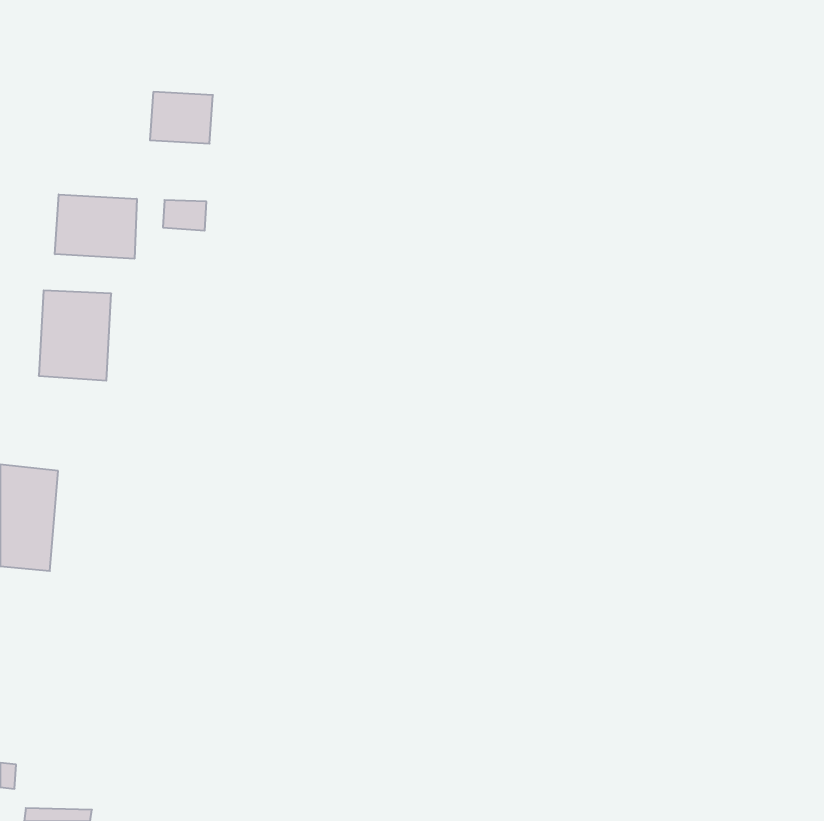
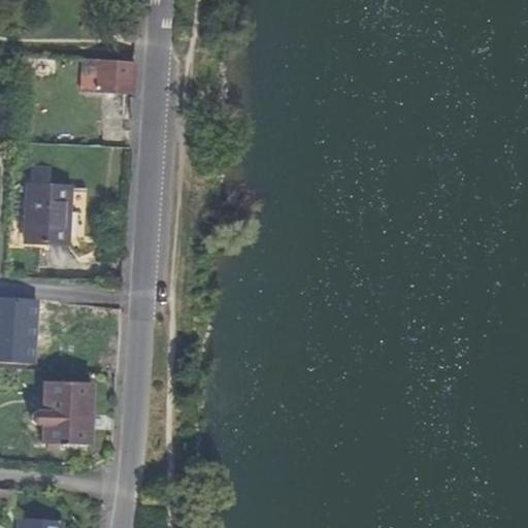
building: [55,194,137,259] -> none
building: none -> [42,378,93,449]

